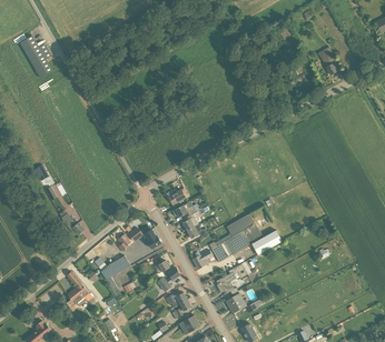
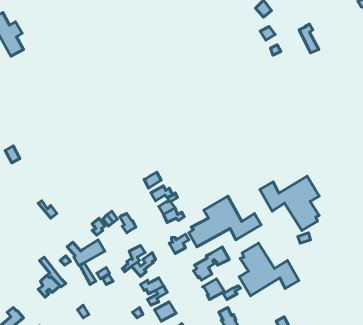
building: none -> [260,176,319,230]
building: none -> [239,243,299,296]

